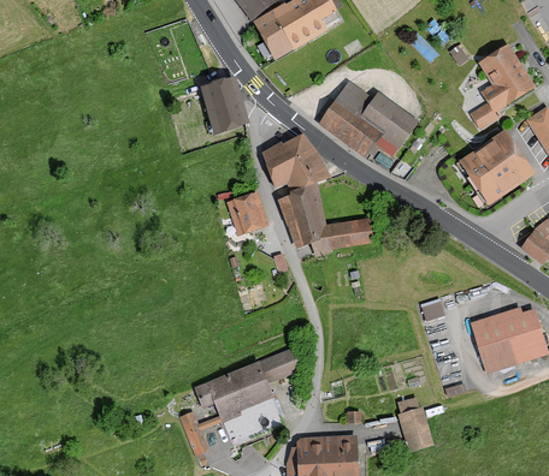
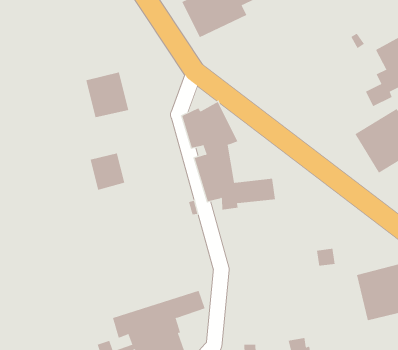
building: [319,77,419,153] -> none
building: [200,78,252,132] -> [85,72,129,118]
building: [226,191,268,236] -> [90,153,125,191]

